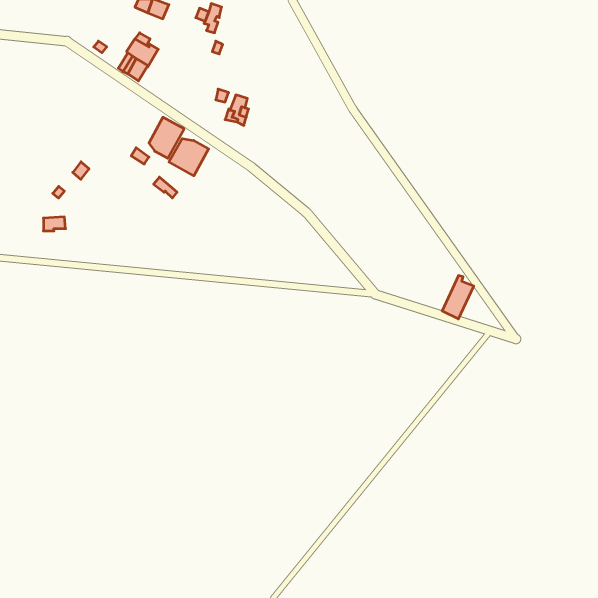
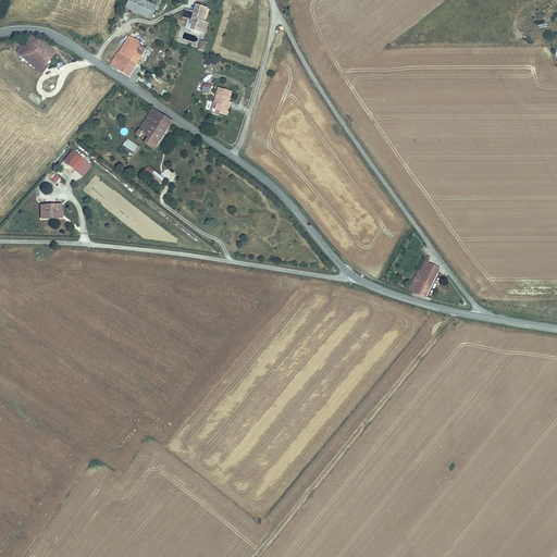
building: none -> [17,35,58,74]
building: [169,139,209,176] -> none

